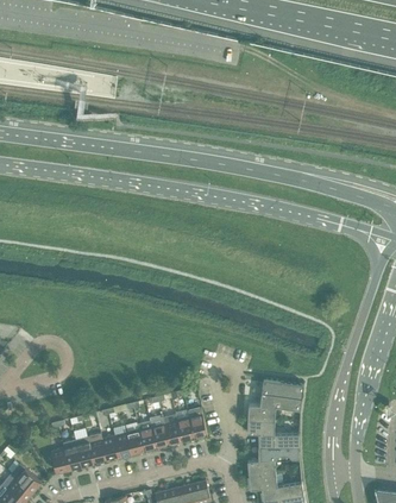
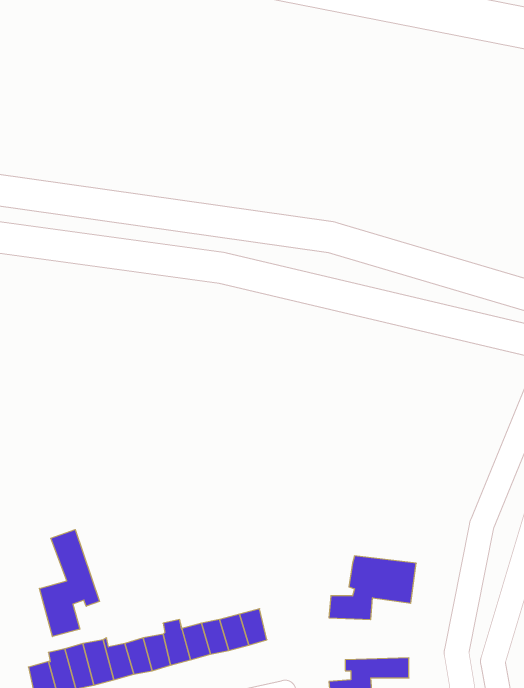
building: none -> [39,530,99,637]
building: [247,420,300,447] -> none

